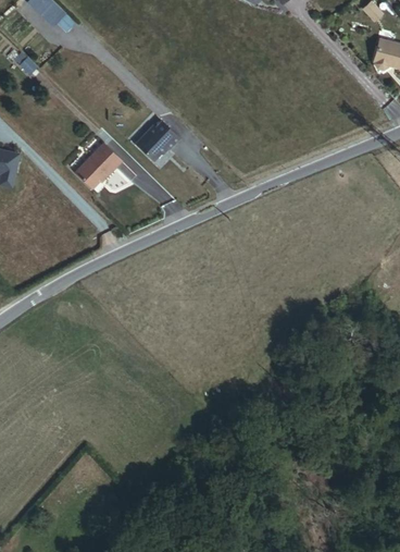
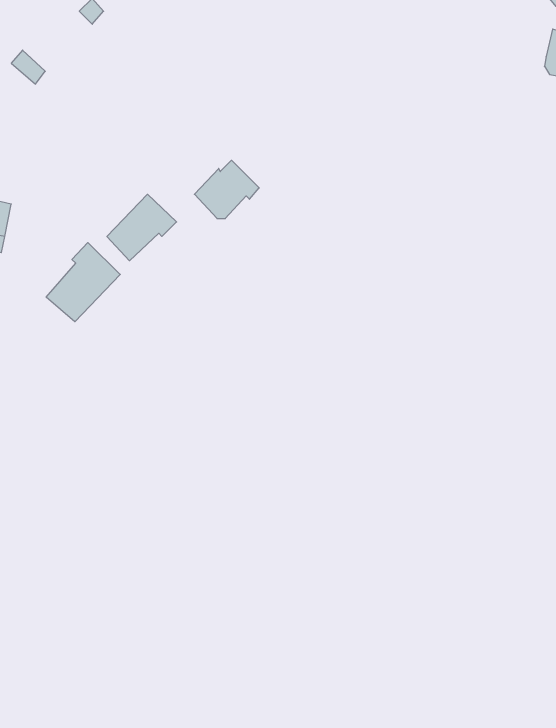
building: none -> [46,243,120,322]

